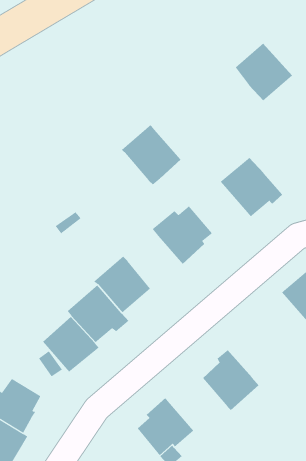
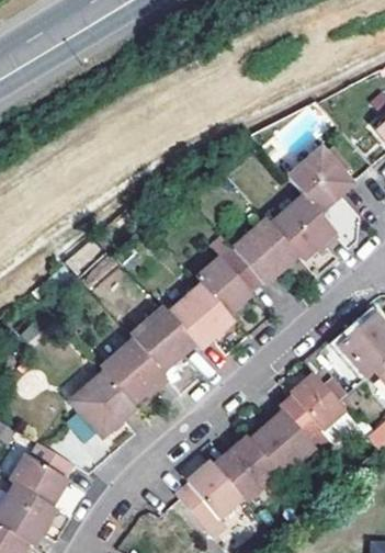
building: [235,43,293,101] -> [288,147,353,212]
building: [121,124,181,185] -> [234,216,301,284]
building: none -> [169,282,234,347]
building: none -> [280,373,346,439]
building: none -> [214,437,279,500]

